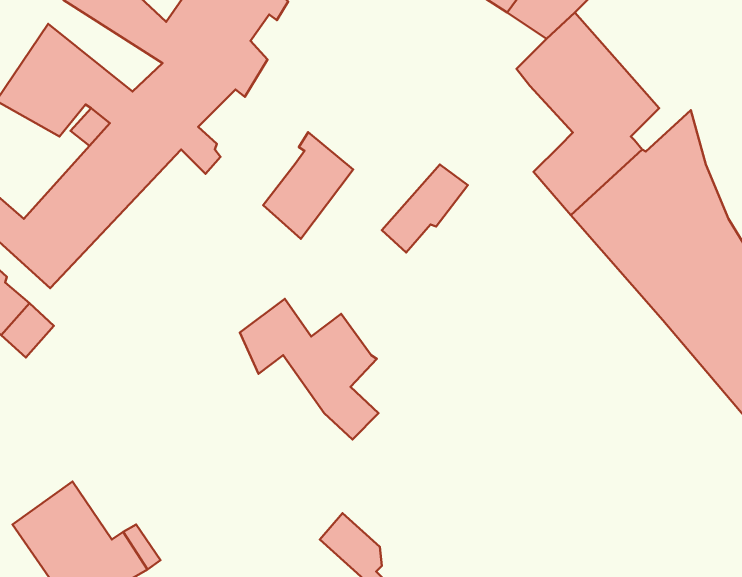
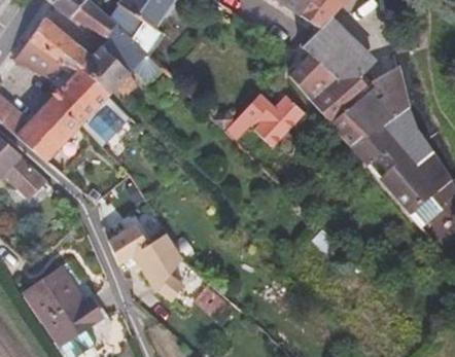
building: none -> [287,50,330,98]
building: [263,132,353,239] -> [255,87,305,146]
building: [240,299,379,439] -> [108,226,184,304]

